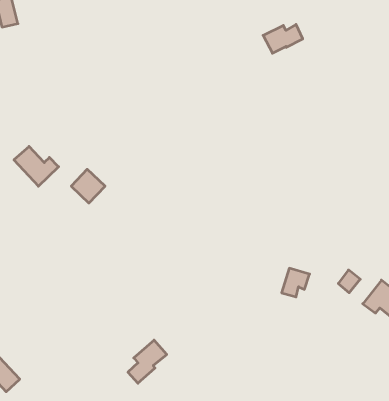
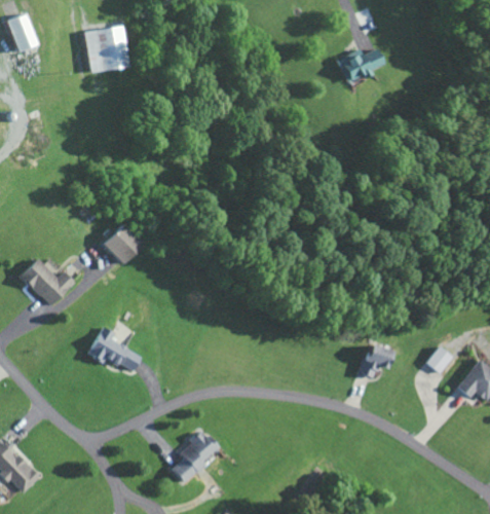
building: none -> [84,26,126,73]
building: [14,146,59,186] -> [21,259,75,307]
building: none -> [87,327,142,372]

